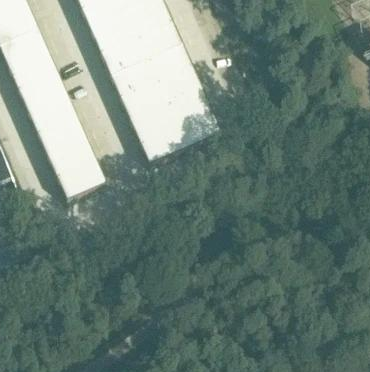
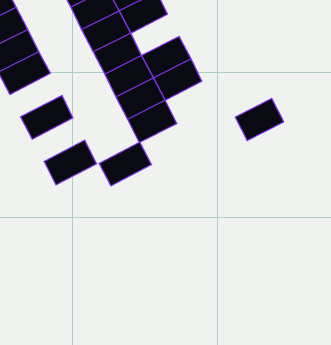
building: [145,39,191,77] -> none
building: [26,89,76,129] -> none
building: [174,105,220,144] -> [235,98,284,141]
building: [45,133,95,173] -> [99,142,152,186]

